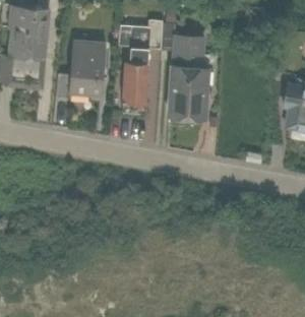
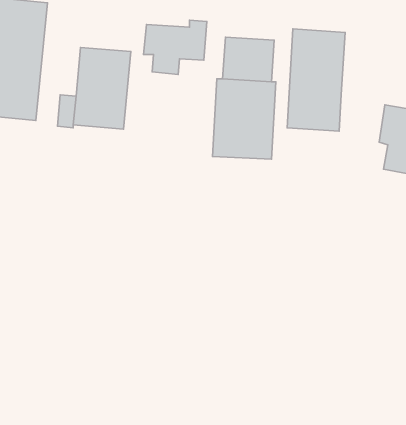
building: none -> [287,29,345,131]
building: [122,61,146,103] -> none

